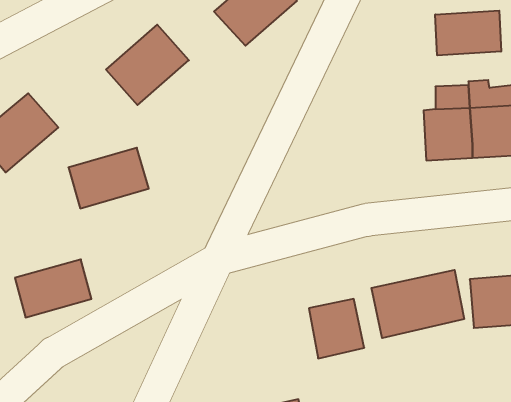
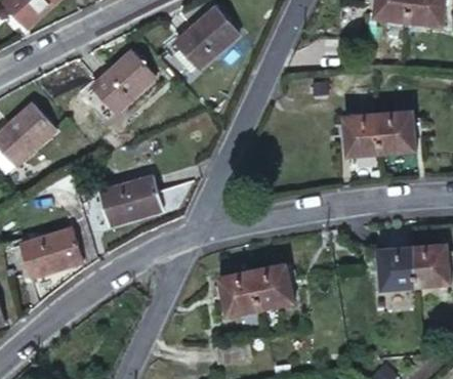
building: [435,11,501,55] -> none
building: [68,148,149,208] -> [99,179,162,226]
building: [371,270,464,338] -> none
building: none -> [218,271,258,317]

